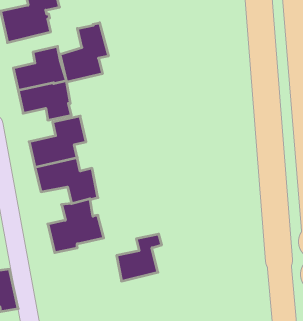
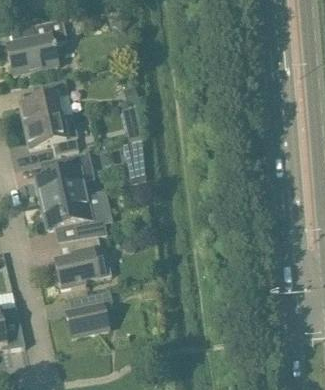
building: [60,23,108,82] -> none
building: [117,234,162,281] -> [66,289,112,337]

